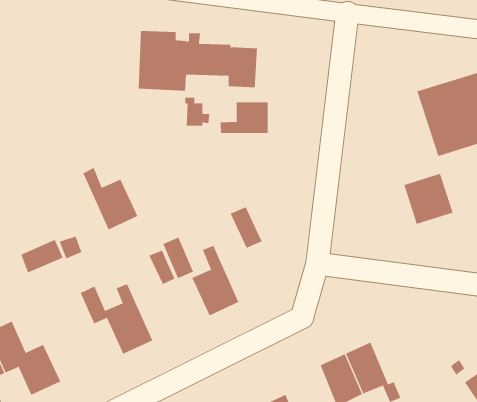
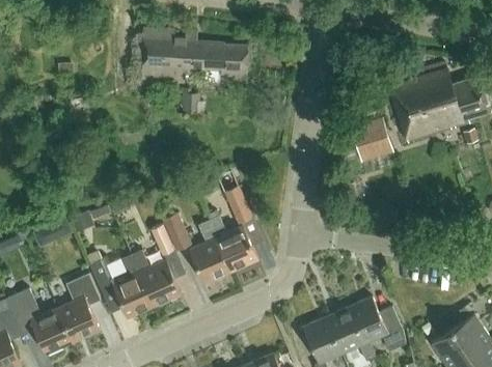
building: [220,102,268,134] -> none
building: [82,167,138,230] -> [132,249,182,305]
building: [403,173,453,224] -> [350,118,394,164]
building: none -> [209,215,258,271]
building: none -> [57,273,101,341]
building: none -> [349,297,403,350]

